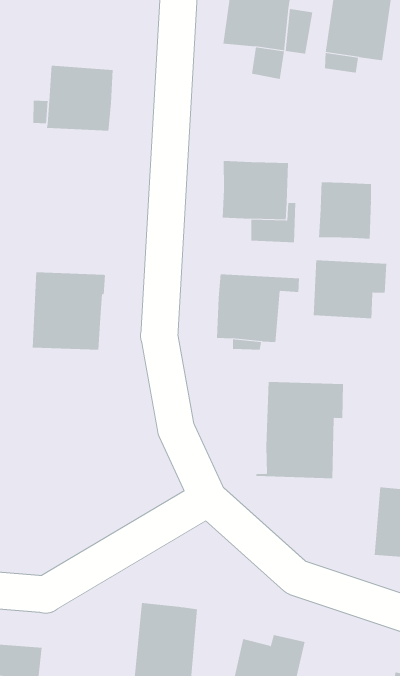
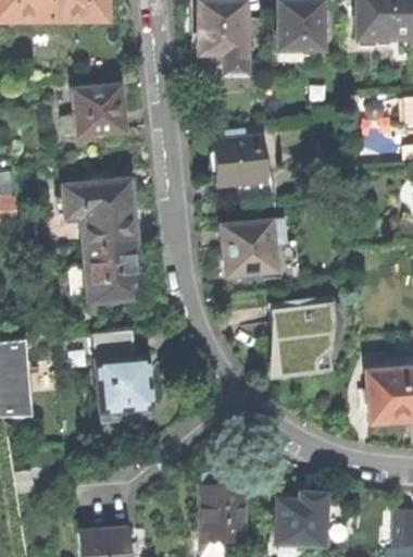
building: [318,182,372,239] -> none
building: none -> [61,178,135,245]
building: [313,260,387,319] -> none
building: none -> [91,327,151,421]

